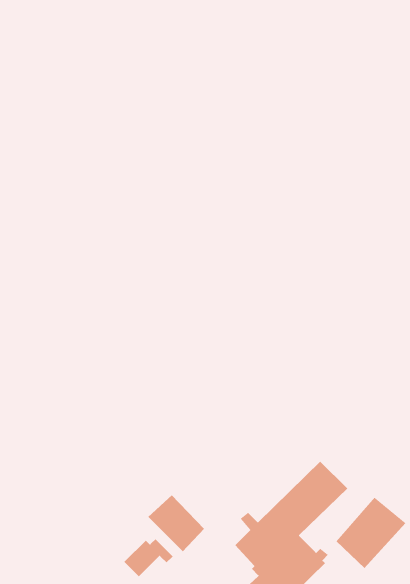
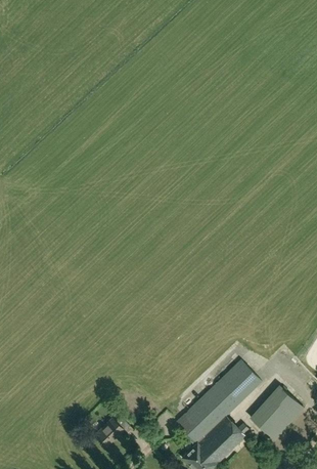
building: [147,495,205,552] -> none

